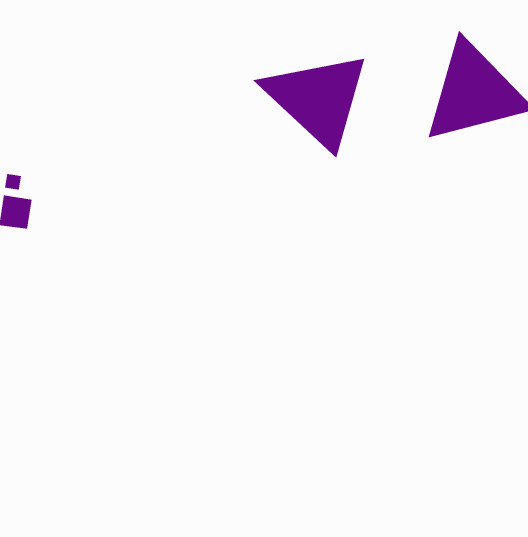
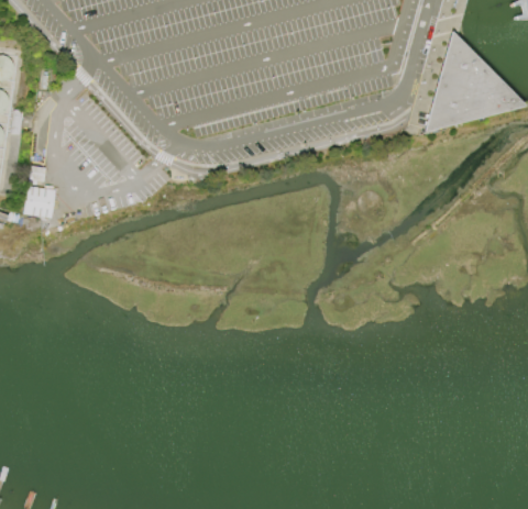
building: [252,58,365,159] -> none

